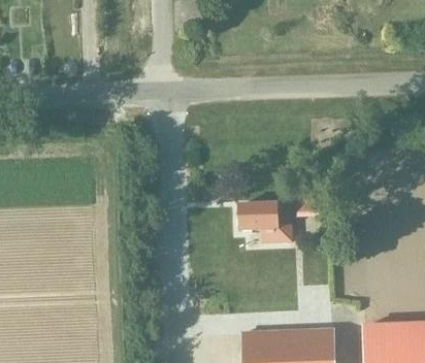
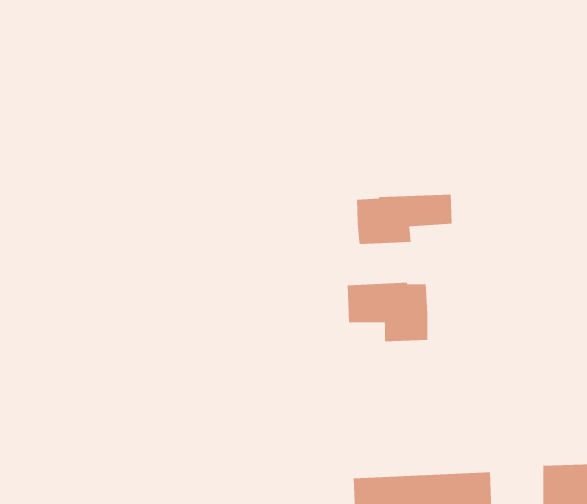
building: none -> [356,194,452,245]

